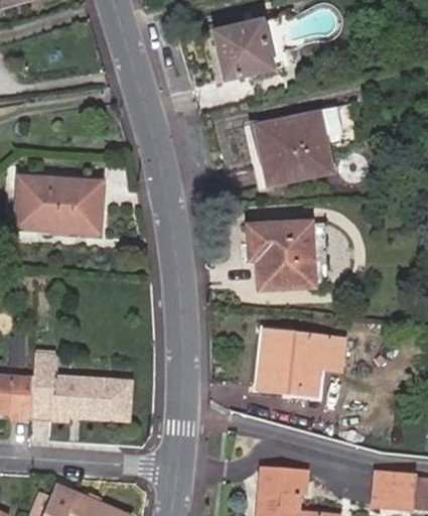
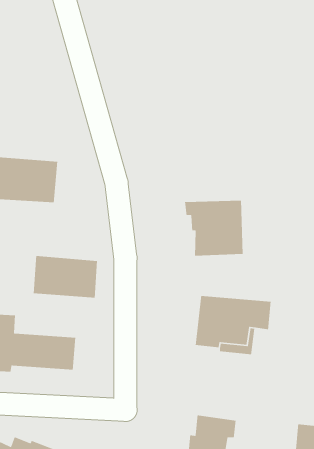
building: [215,22,273,79] -> none
building: [262,115,331,185] -> none
building: none -> [33,255,98,299]

